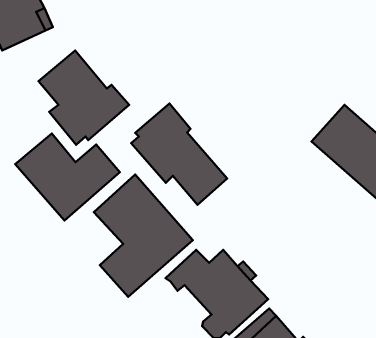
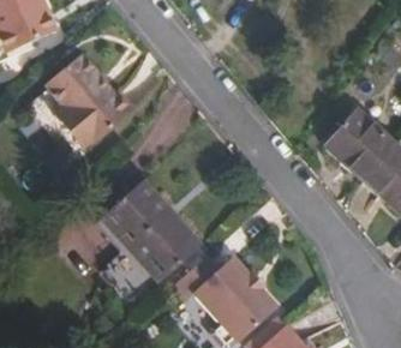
building: [131,104,227,205] -> none
building: [15,133,120,221] -> none

